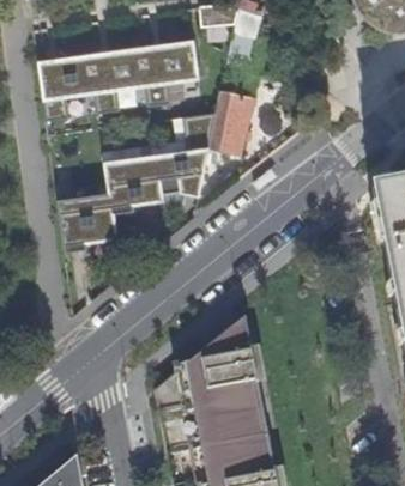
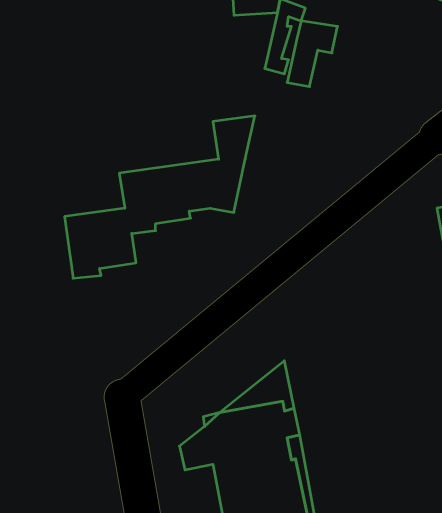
building: [41,36,202,117] -> none
building: [214,93,258,150] -> [287,21,338,87]

